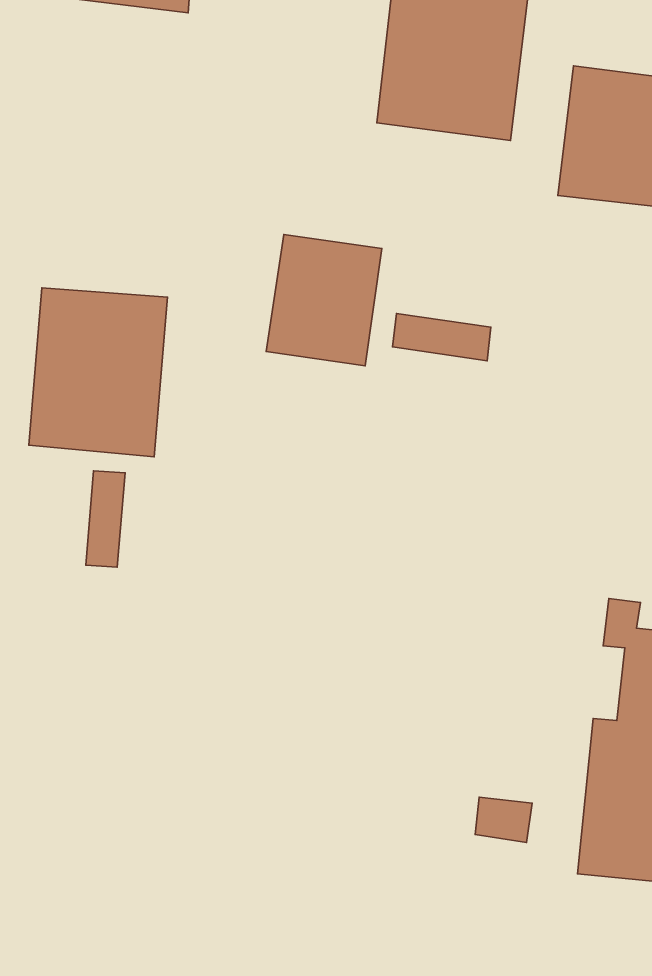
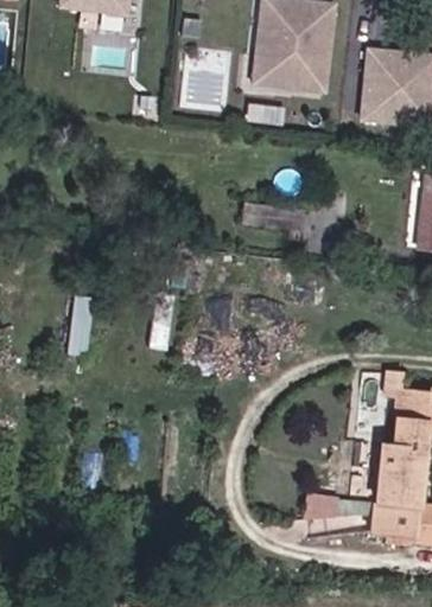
building: [266,234,382,366] -> none
building: [29,288,168,457] -> none

